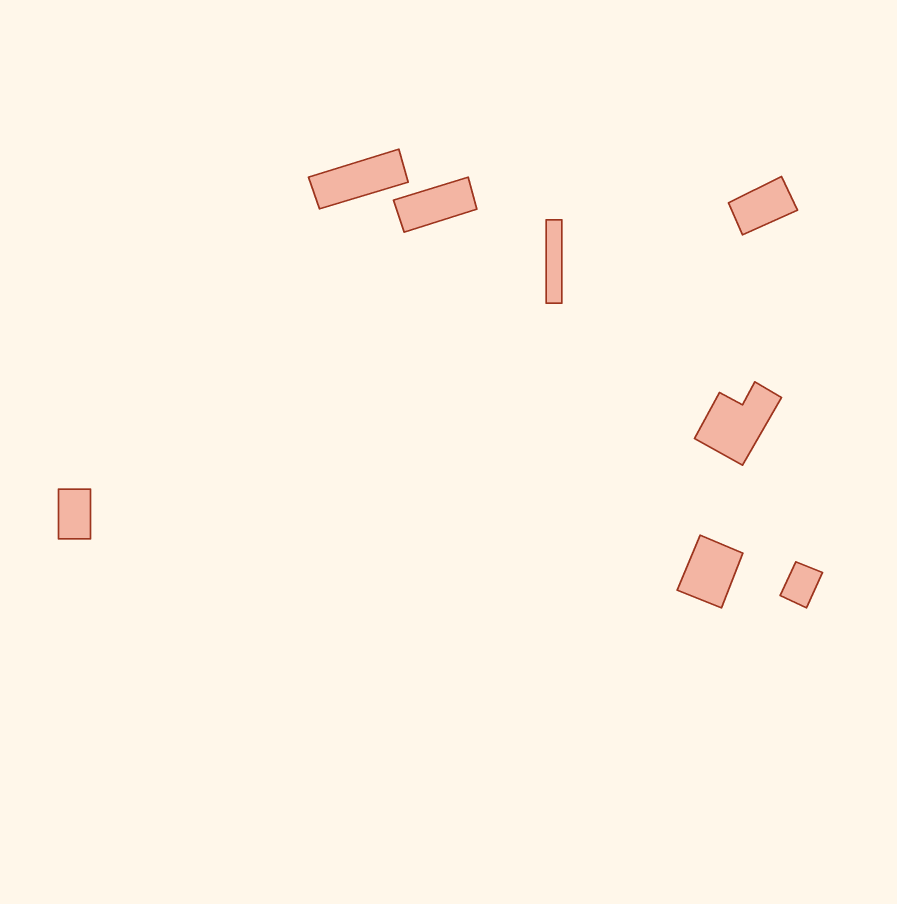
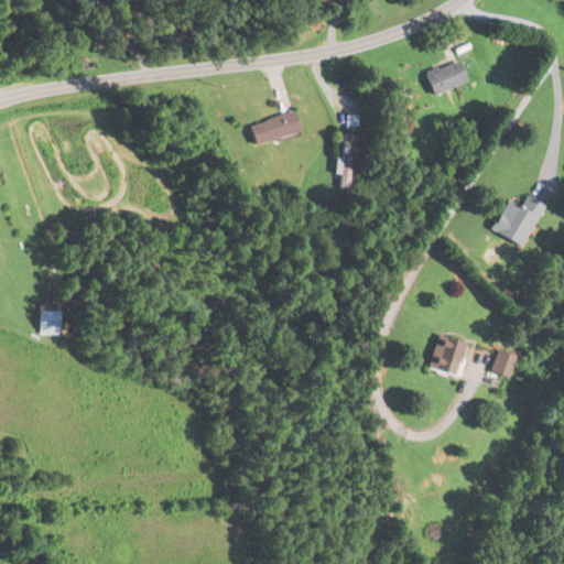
building: [308,149,408,209] -> none
building: [728,176,797,235] -> [426,58,469,95]
building: [695,382,781,465] -> [492,194,546,246]

